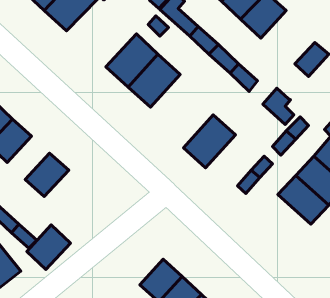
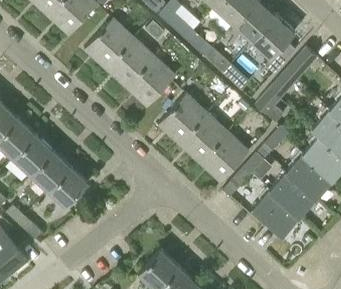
building: none -> [252,16,295,72]
building: none -> [85,19,135,69]
building: none -> [265,66,297,99]
building: none -> [158,95,207,145]
building: none -> [200,133,249,183]
building: none -> [13,134,53,175]
building: none -> [251,189,299,236]
building: [27,225,70,270] -> [48,166,89,208]

